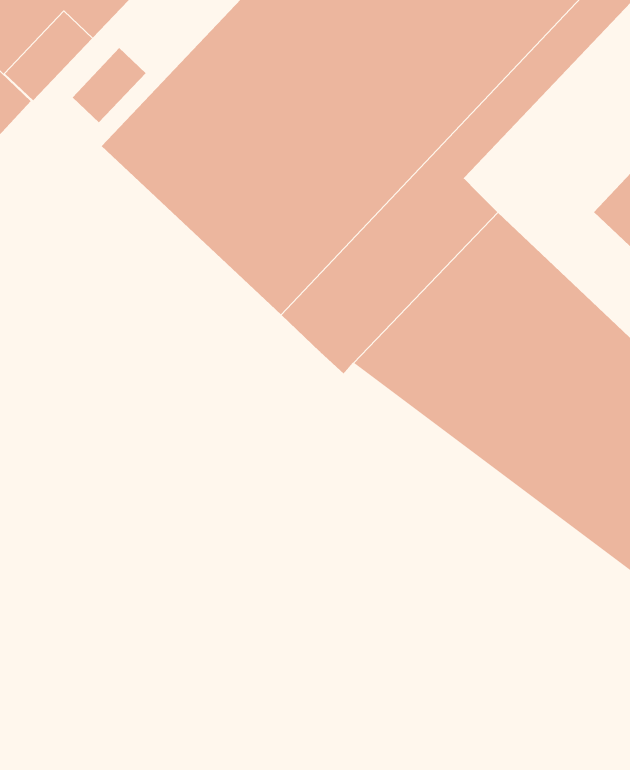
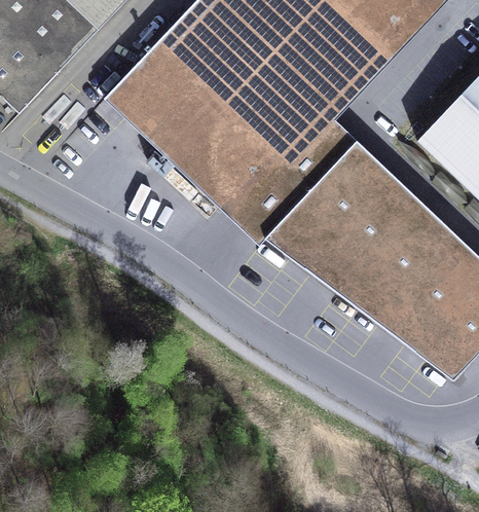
building: [72,47,147,123] -> none

